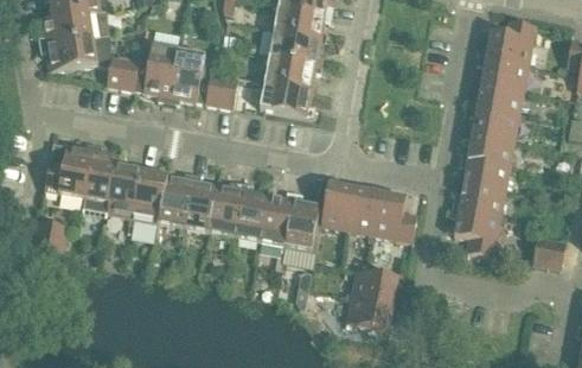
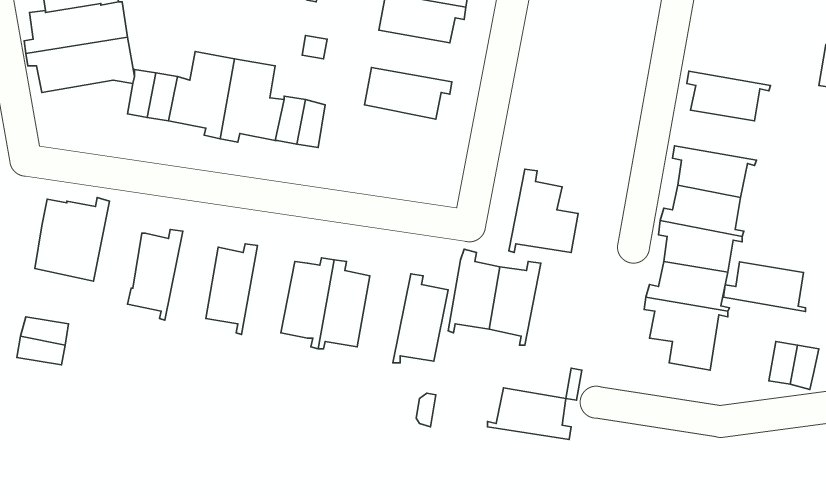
building: [480,19,536,65] -> none
building: [269,28,324,63] -> none
building: [260,78,314,115] -> none
building: [471,82,525,115] -> [723,262,805,312]
building: [82,142,120,214] -> none
building: [132,163,167,222] -> none
building: [183,172,218,231] -> none
building: [371,184,417,240] -> [509,169,578,253]
building: [260,190,295,250] -> none
building: [345,293,401,329] -> none

